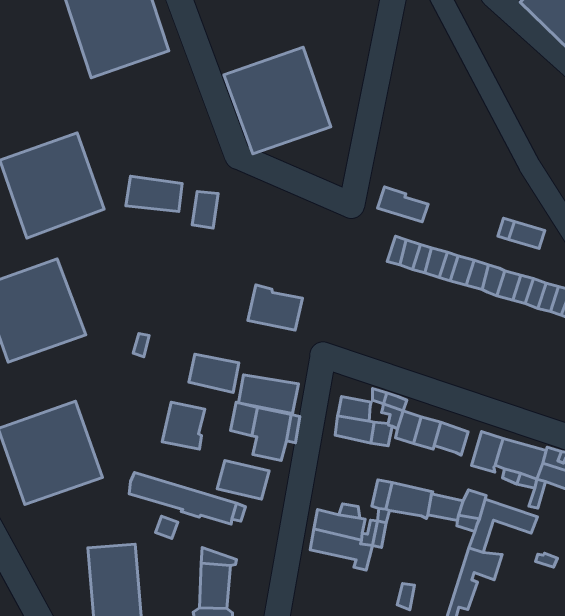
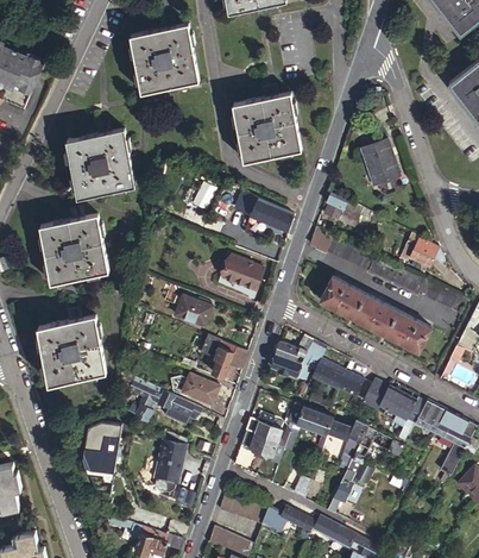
building: none -> [364,142,399,186]
building: [126,176,182,212] -> none
building: none -> [253,201,295,231]
building: none -> [321,276,430,351]
building: [239,375,298,413] -> none
building: [162,402,205,449] -> none

